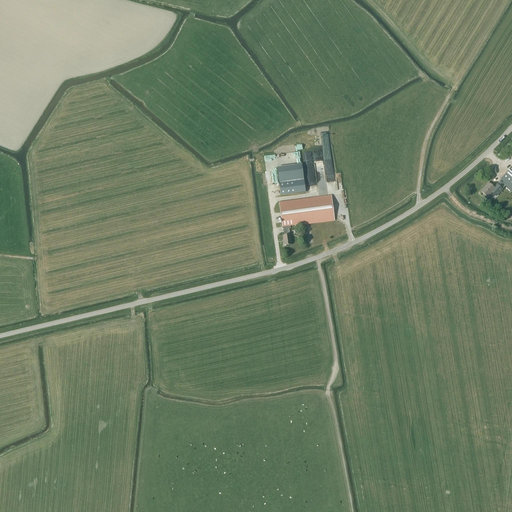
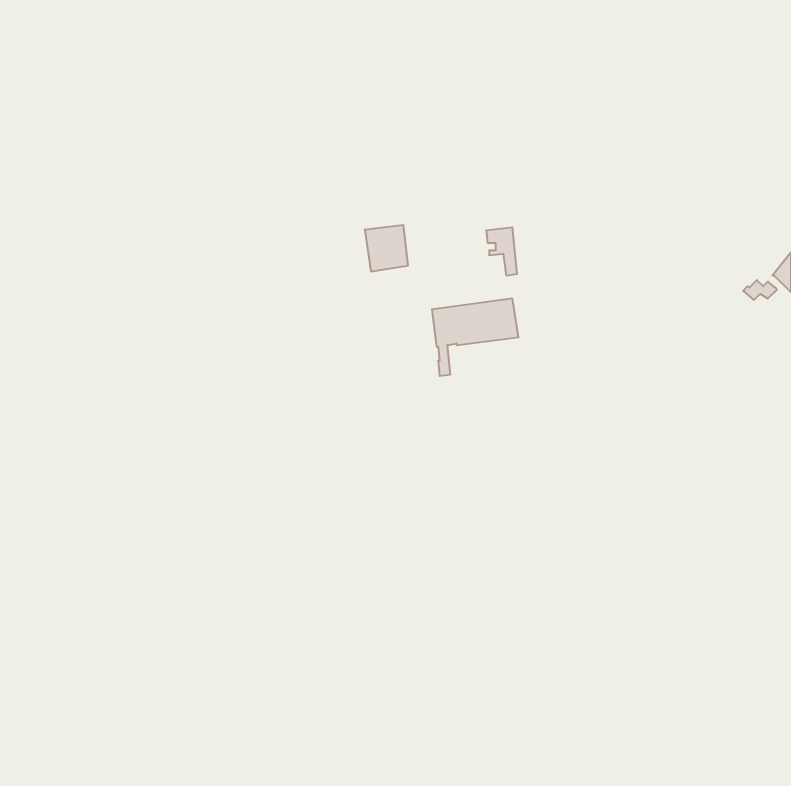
building: [277,163,305,193] -> [365,225,408,272]

